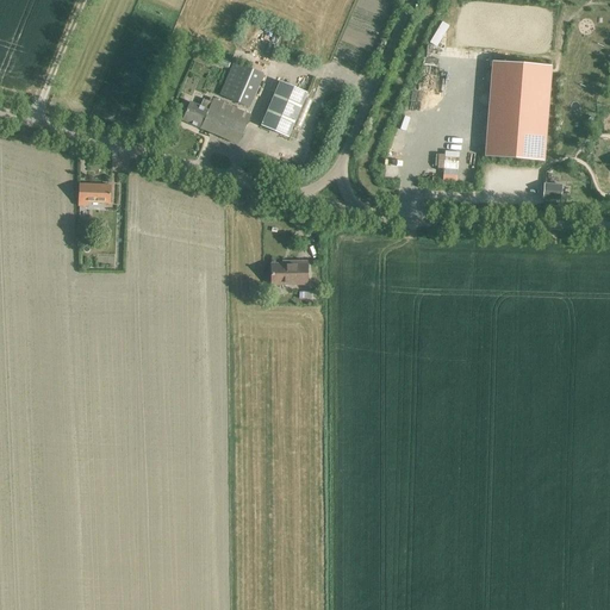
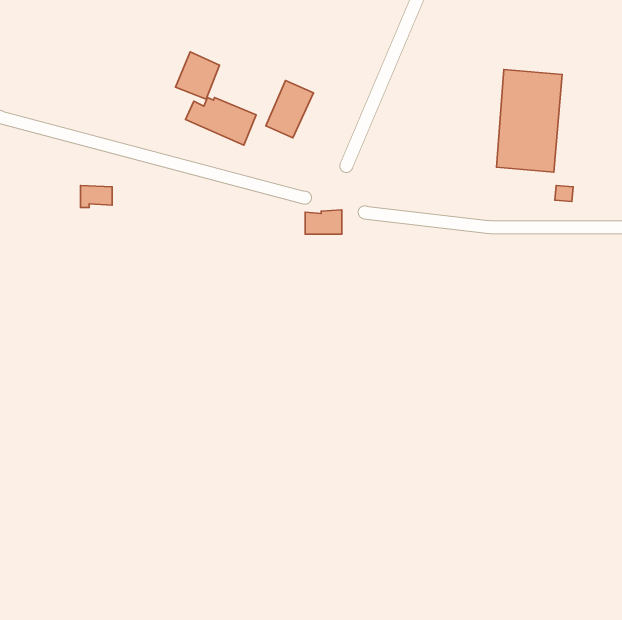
building: [220,58,263,105] -> [176,52,219,99]
building: [272,257,307,281] -> [305,210,342,234]

